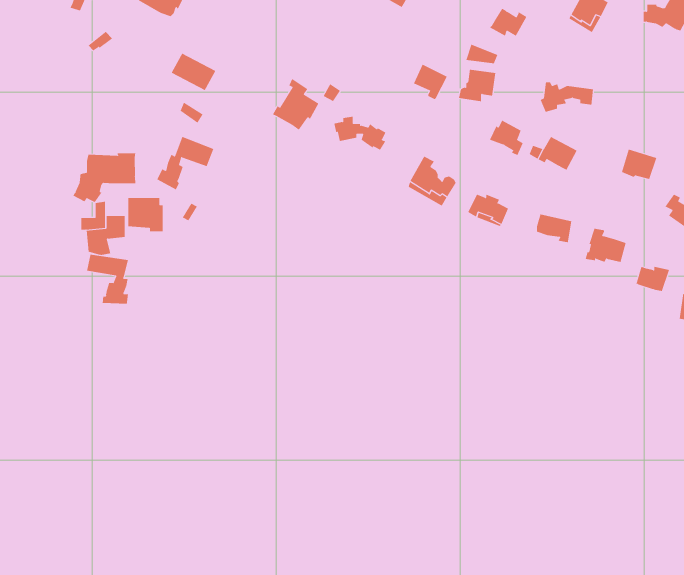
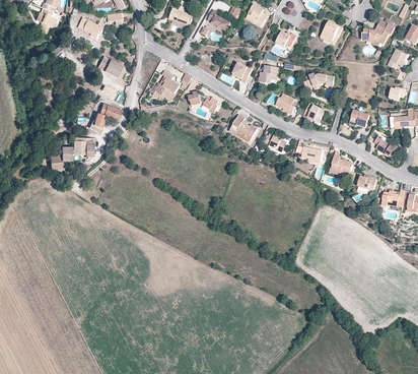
building: [73,152,136,203] -> none
building: [86,254,128,305] -> none

